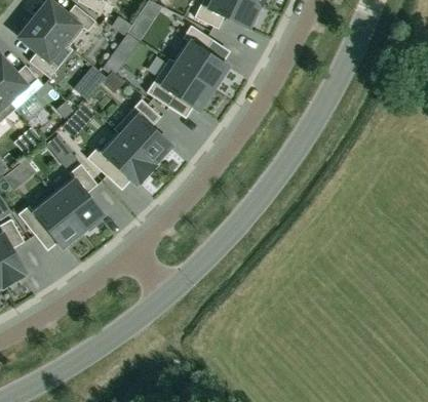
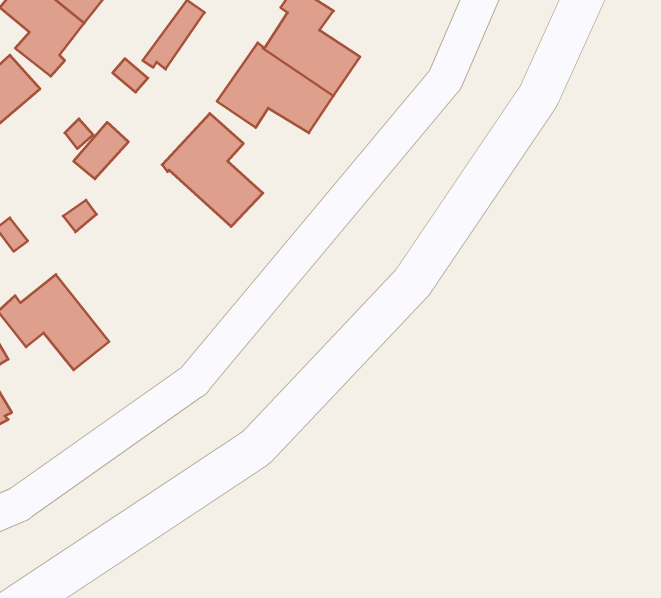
building: [87,132,156,185] -> none
building: [52,164,104,232] -> none

